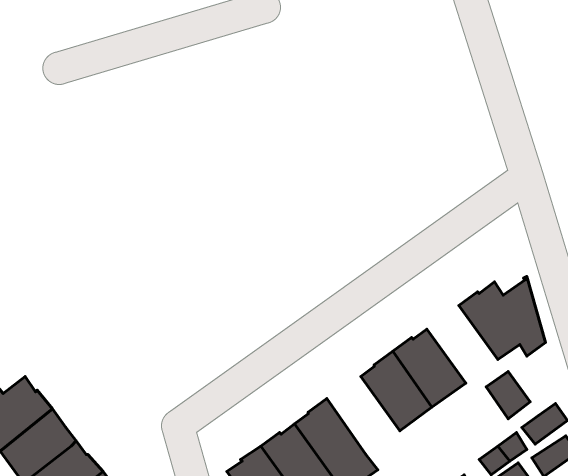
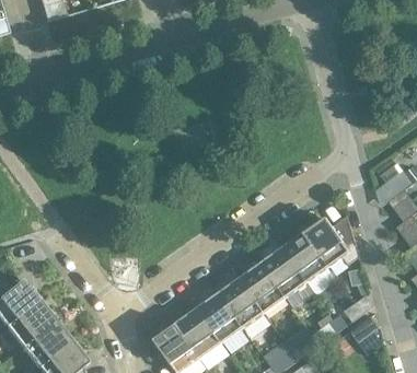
building: none -> [282,231,328,281]
building: none -> [218,277,265,327]

